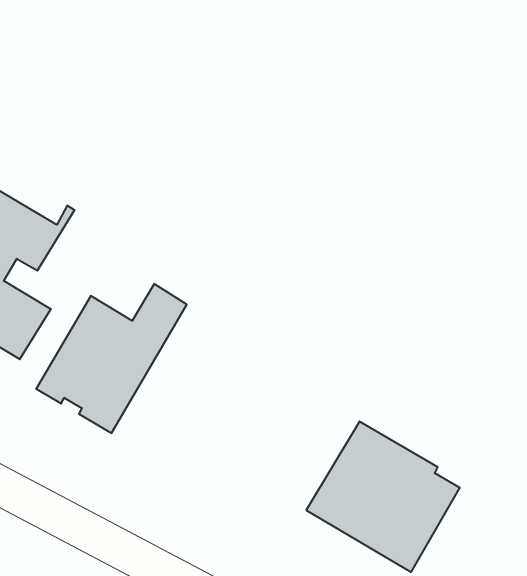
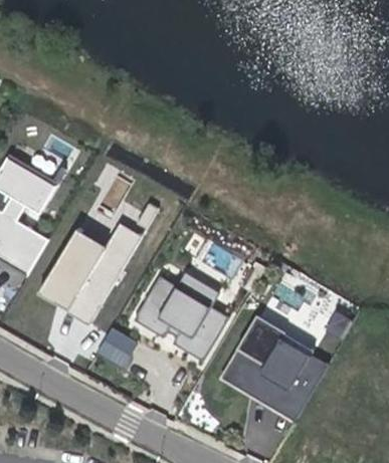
building: none -> [133,274,228,361]
building: none -> [102,327,140,364]

